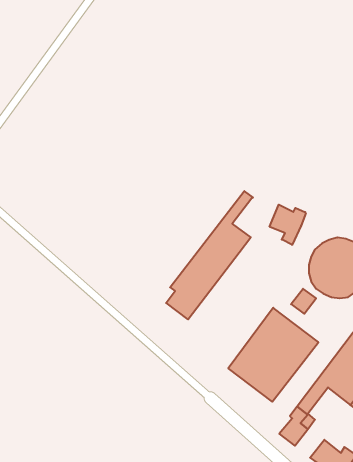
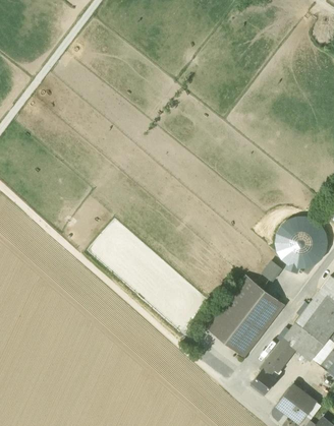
building: [166,191,253,319] -> none
building: [270,205,306,245] -> none

